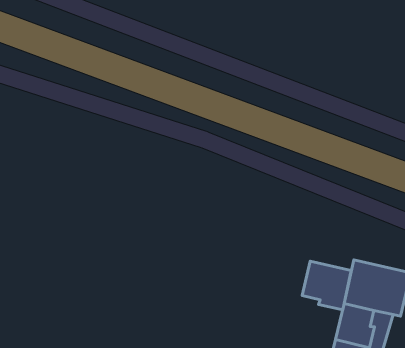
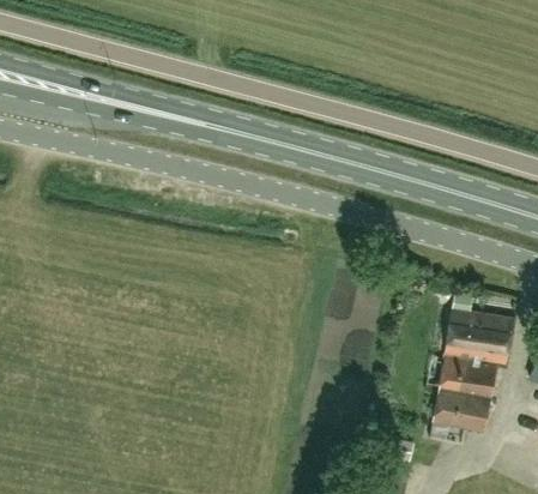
building: [302,261,351,310] -> none

